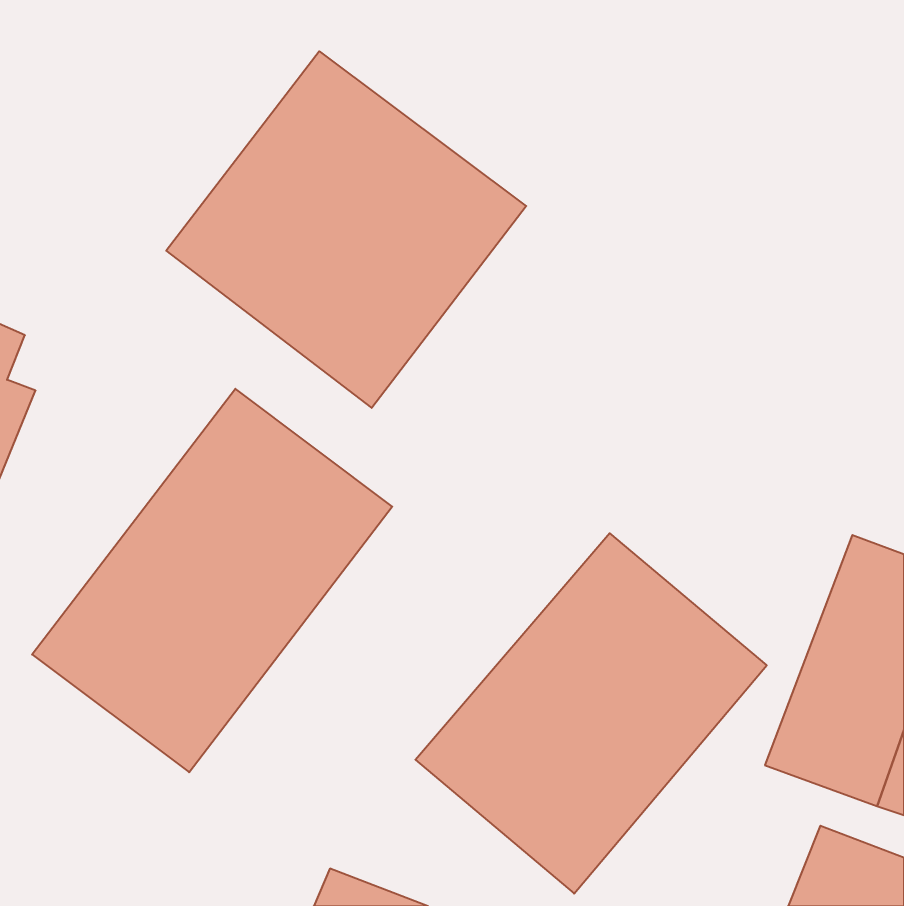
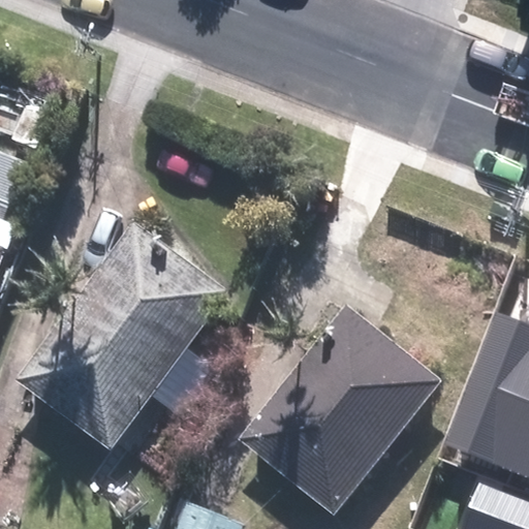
building: [166,51,526,408] -> none

